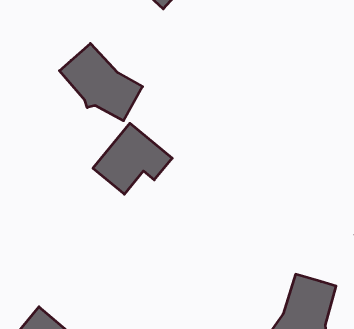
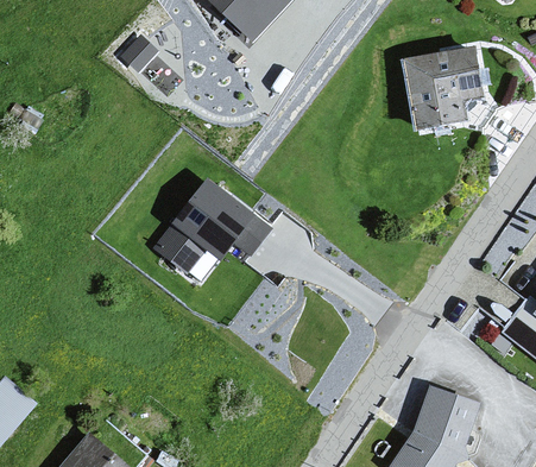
building: none -> [404,43,484,120]
building: [59,43,143,121] -> none

